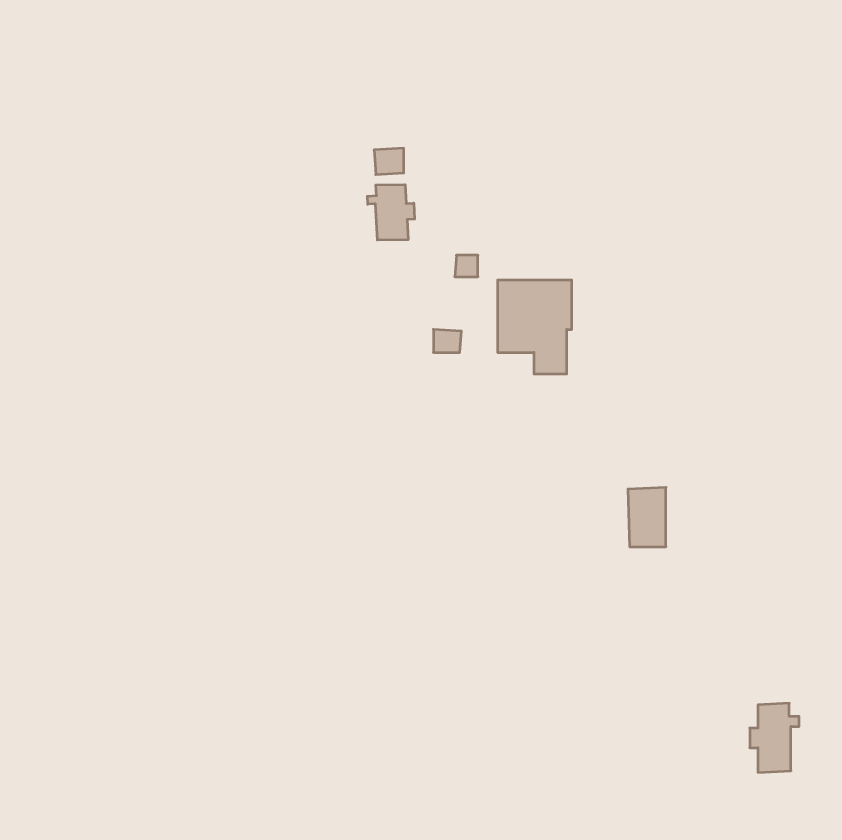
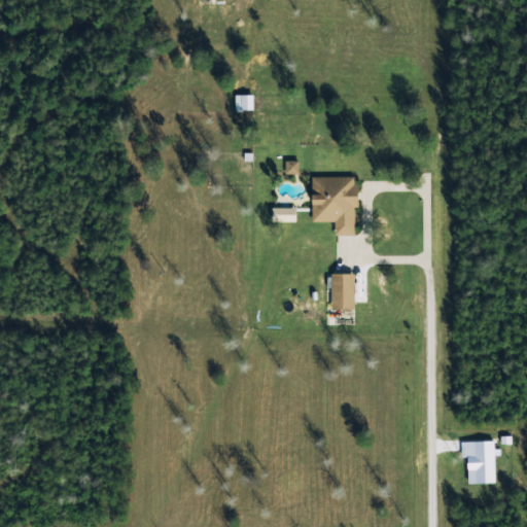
building: [367,185,415,240] -> none
building: [628,487,666,547] -> [330,273,354,310]

